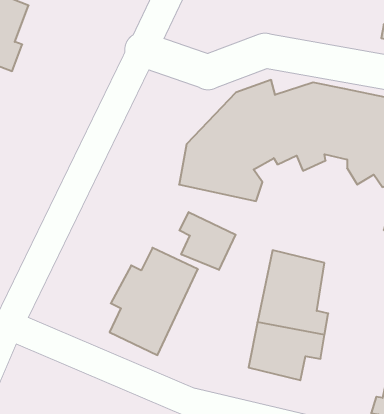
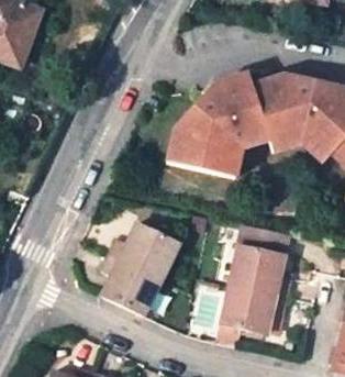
building: [179,212,236,270] -> none

